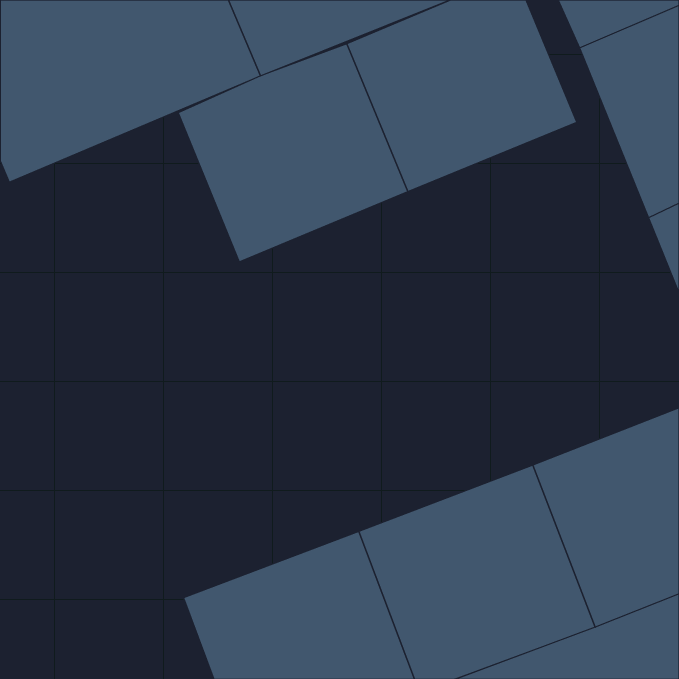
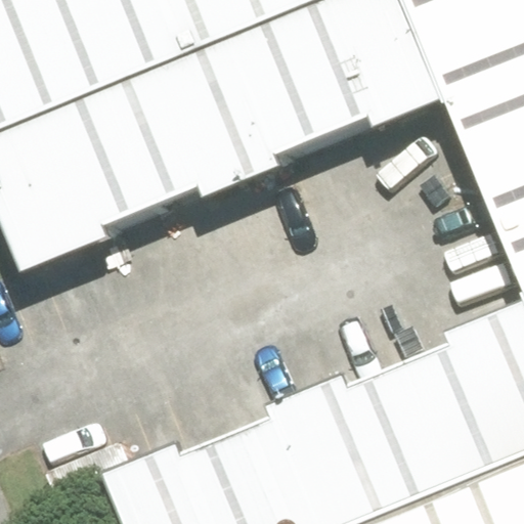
building: none -> [7,87,184,255]

